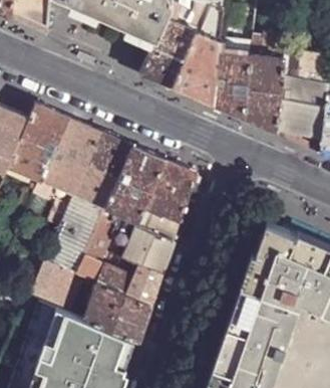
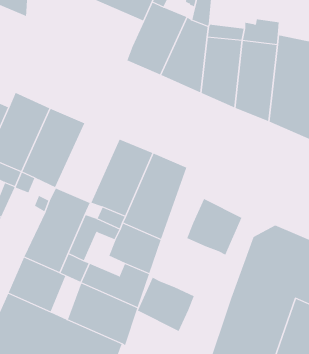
building: [74,135,134,210] -> none
building: none -> [187,198,242,256]
building: none -> [137,277,195,332]

